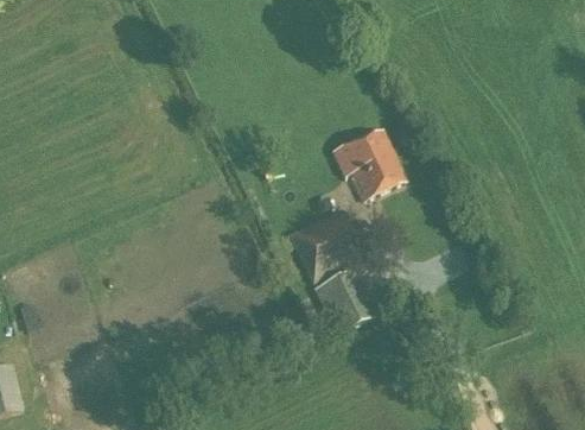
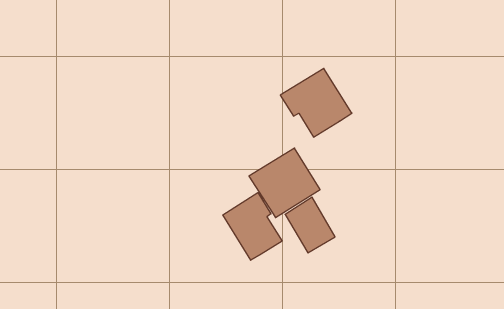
building: none -> [223,193,282,260]

